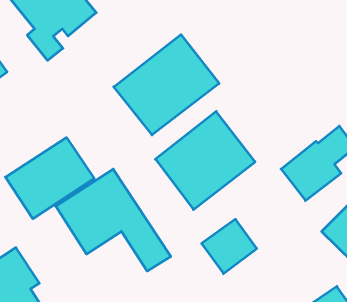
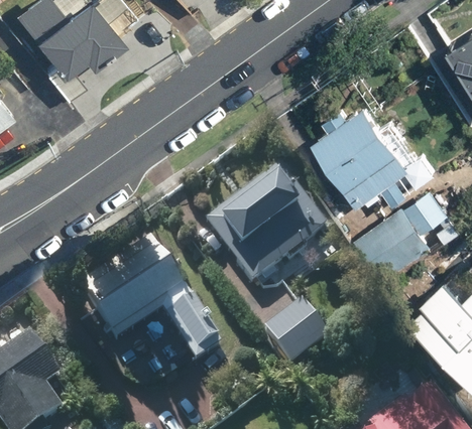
building: [114,35,219,135] -> none
building: none -> [316,102,412,201]
building: [5,138,94,219] -> none

